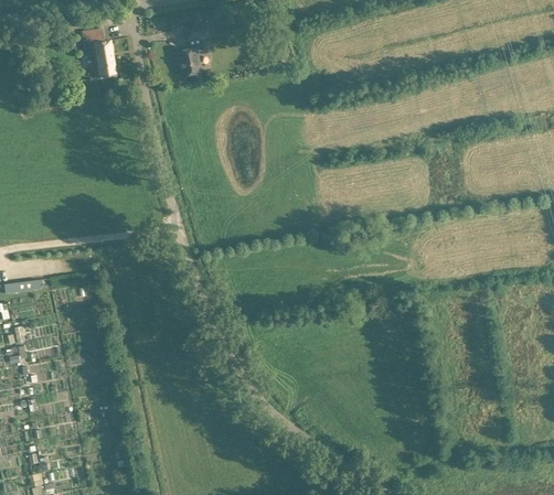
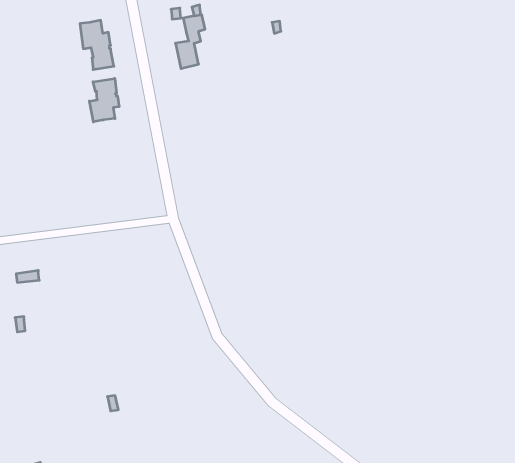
building: none -> [89,78,119,122]

